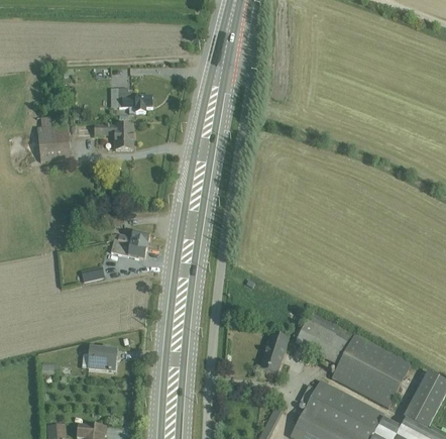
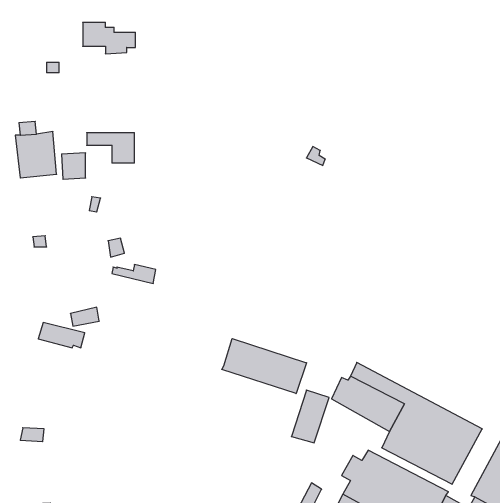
building: [110,88,152,113] -> [83,22,135,54]
building: [110,238,147,258] -> [38,323,85,348]
building: none -> [222,339,307,394]
building: [82,345,116,371] -> none

